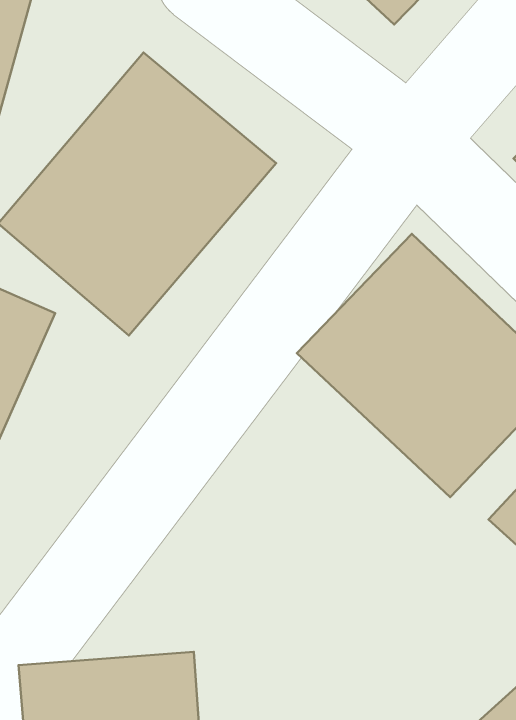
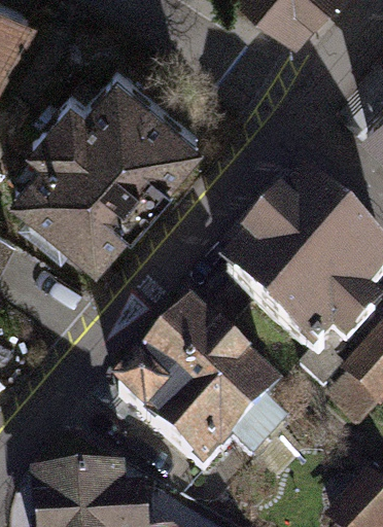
building: none -> [115,304,280,462]

